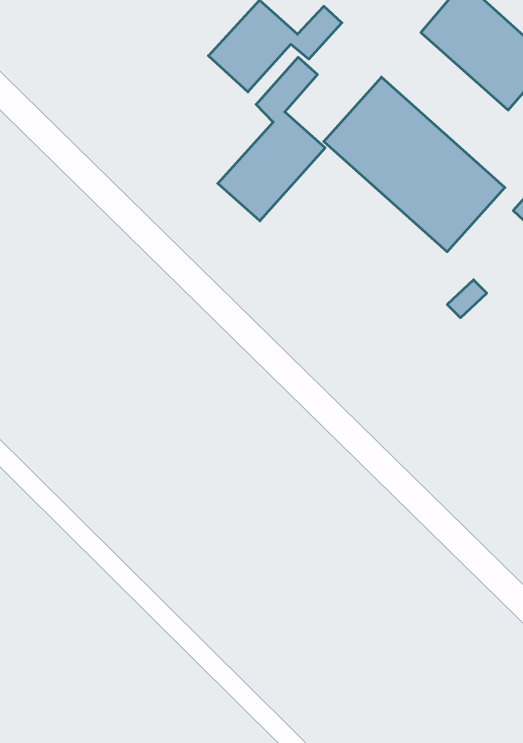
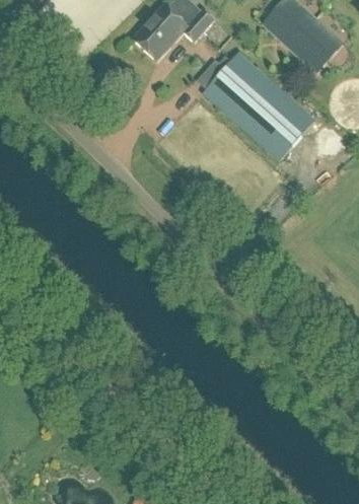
building: [218,57,325,221] -> none

